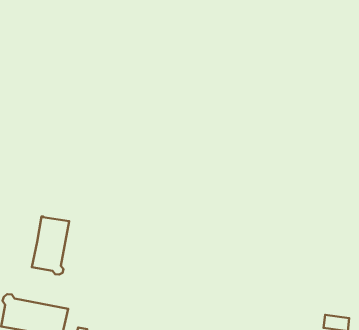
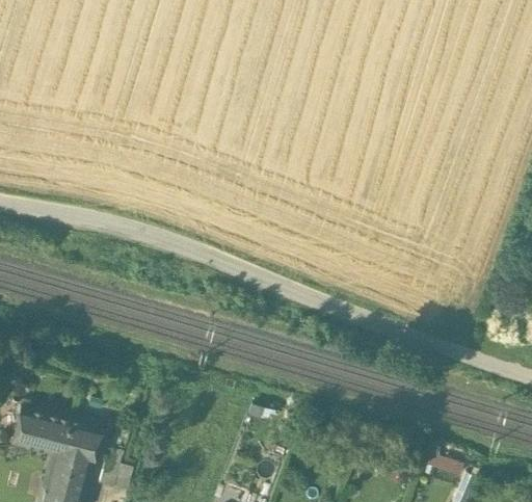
building: [32,217,69,274] -> none

